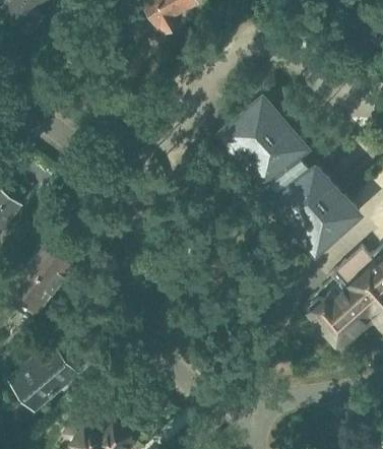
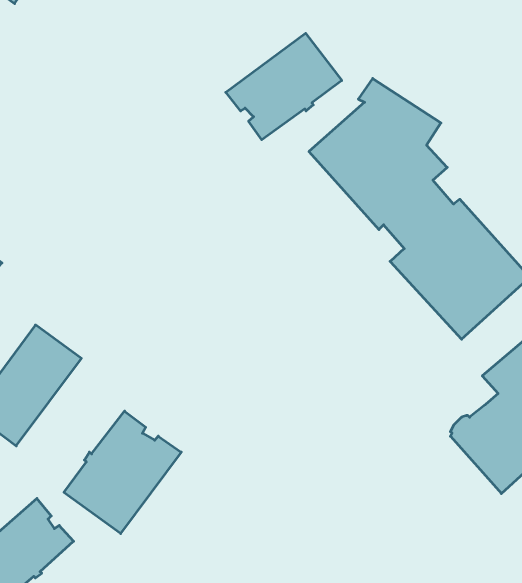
building: none -> [226,33,342,140]
building: none -> [64,411,181,534]

